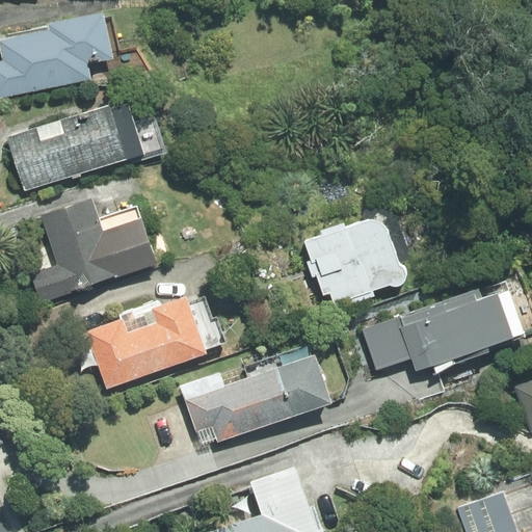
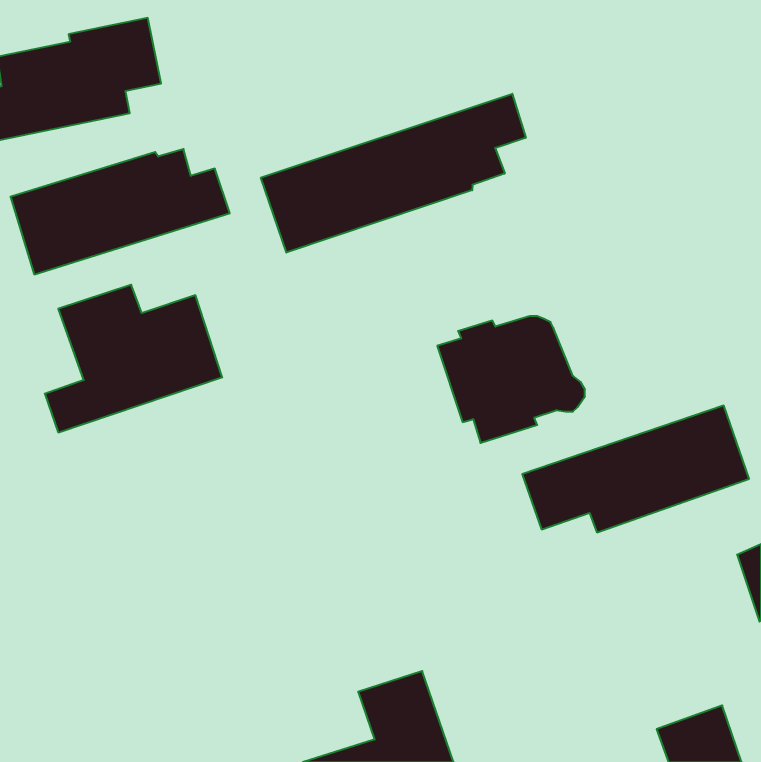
building: none -> [261,94,526,253]
building: [86,296,222,388] -> none
building: [180,344,331,448] -> none

